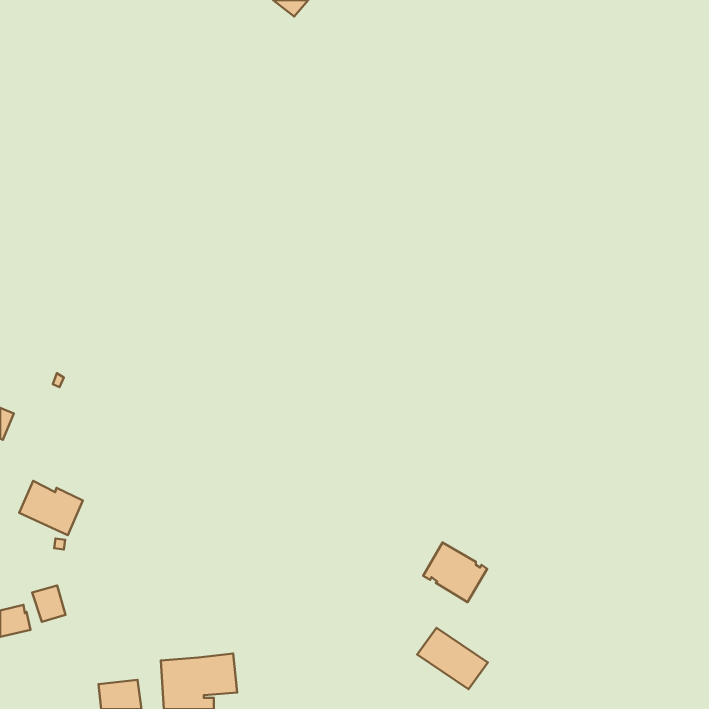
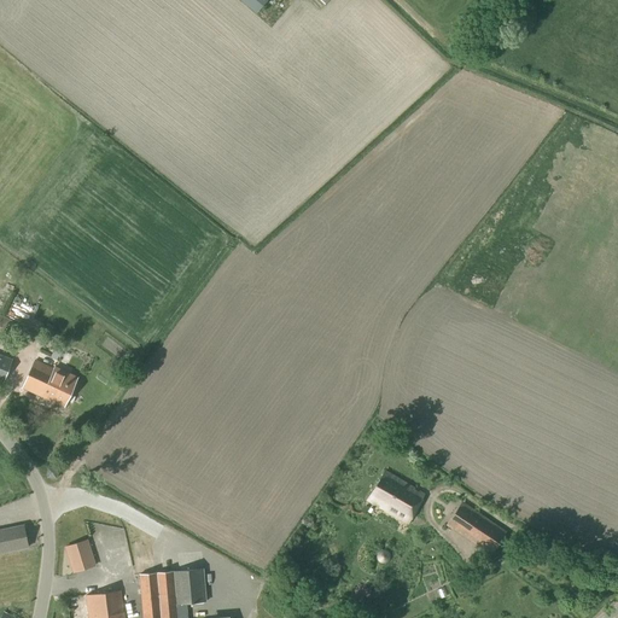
building: [19,481,83,535] -> [22,361,77,408]
building: [32,586,65,622] -> [65,541,94,572]
building: [417,628,488,689] -> [445,502,507,555]

